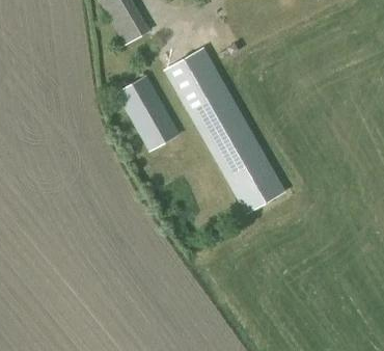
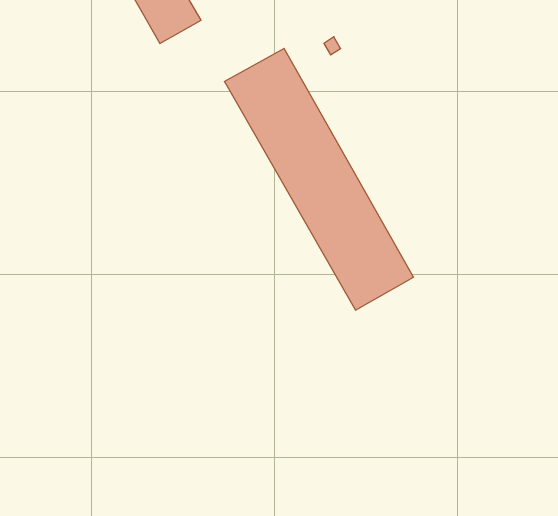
building: [116,75,179,150] -> none

